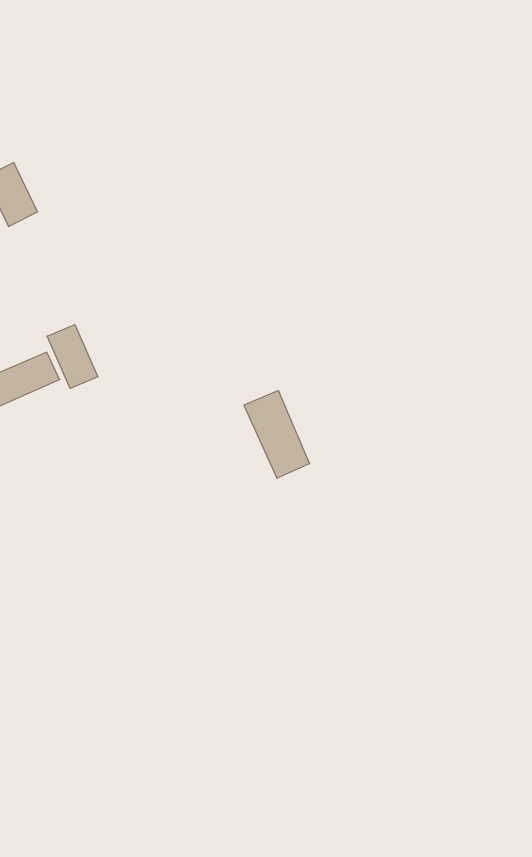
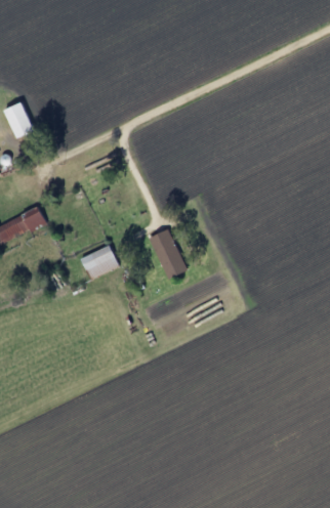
building: [47,324,98,388] -> none
building: none -> [80,246,118,279]

